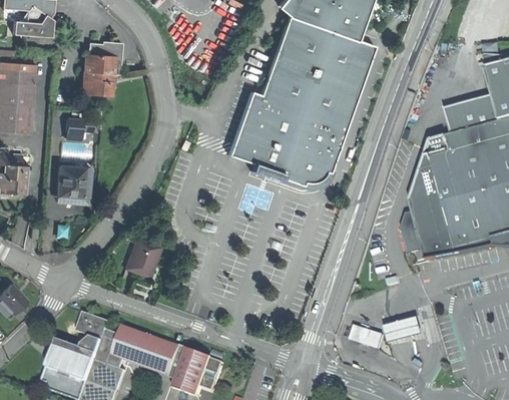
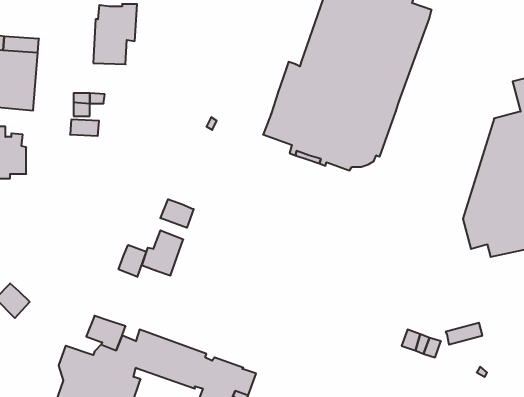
building: [57,165,83,196] -> none
building: none -> [160,199,194,228]
building: none -> [119,245,146,277]

